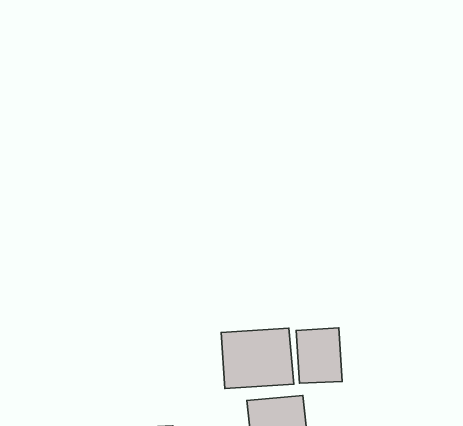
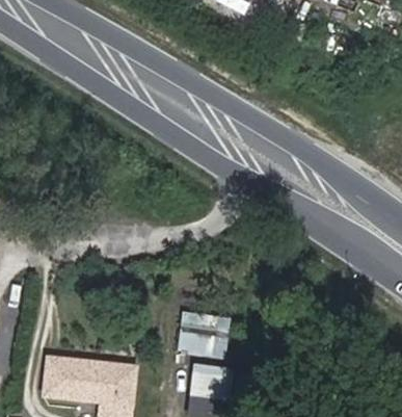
building: [296,328,342,383] -> none

